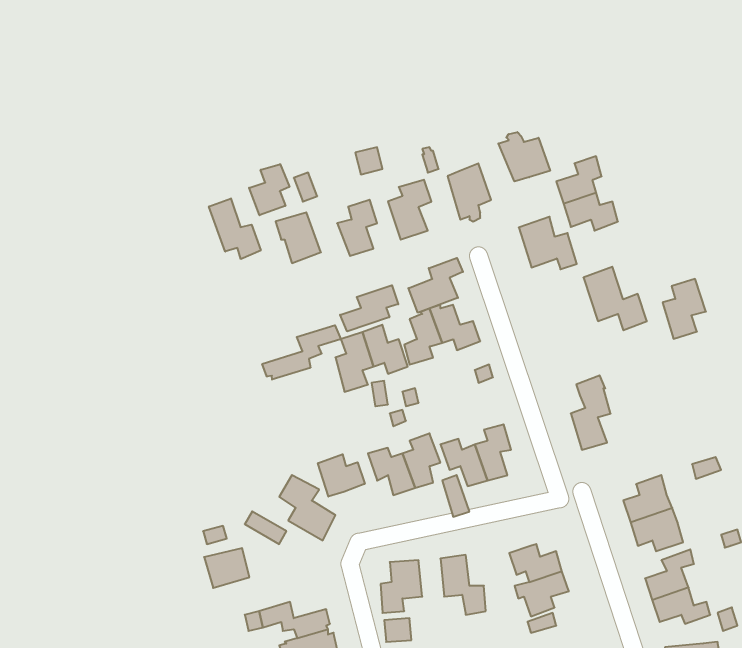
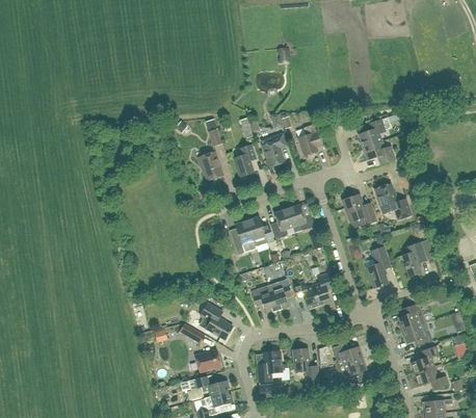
building: [498,132,550,181] -> none
building: [249,164,289,215] -> none
building: [209,198,261,259] -> none
building: [519,217,577,269] -> [343,193,376,224]
building: [408,258,463,313] -> none
building: [663,279,706,339] -> [402,242,427,277]
building: [340,285,398,331] -> none
building: [262,325,341,380] -> none
building: [318,454,365,497] -> none
building: [204,548,249,588] -> [195,349,221,372]

